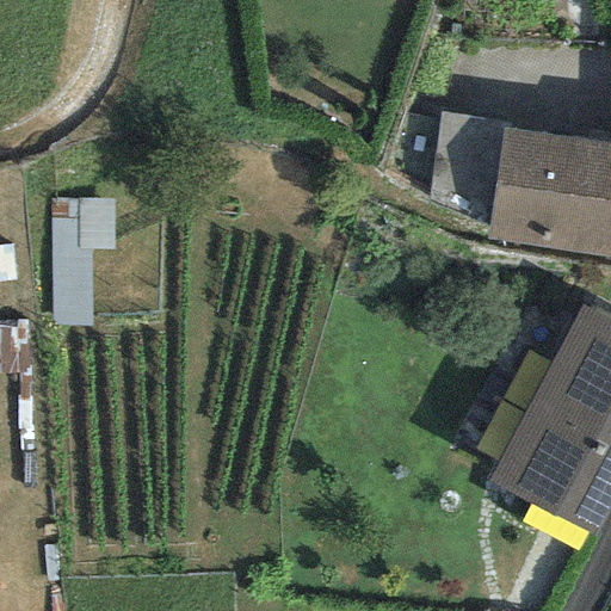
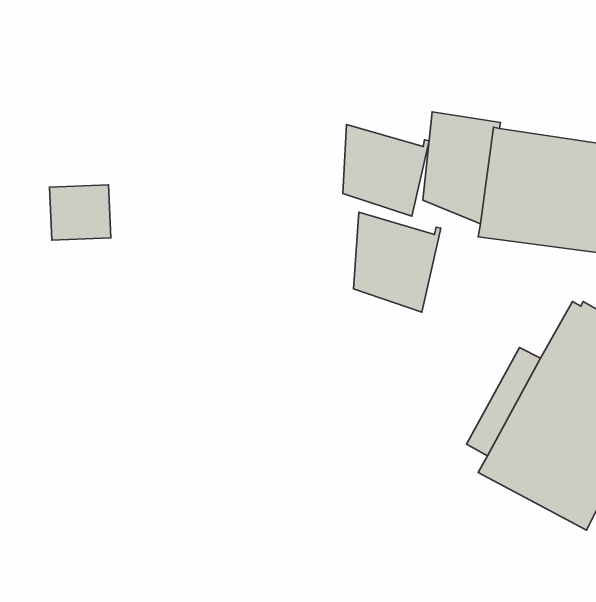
building: none -> [343,125,429,216]
building: none -> [354,212,441,312]

